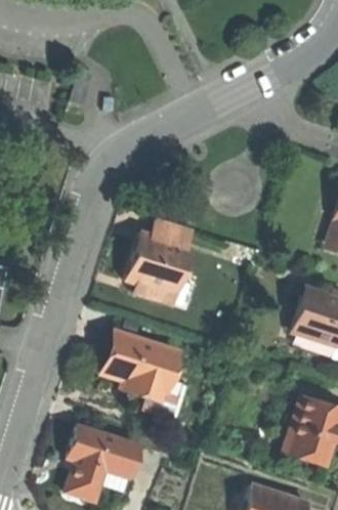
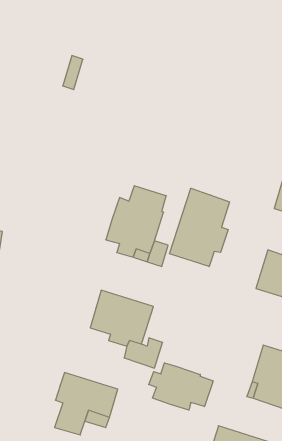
building: none -> [170,188,230,267]
building: none -> [149,363,213,410]

